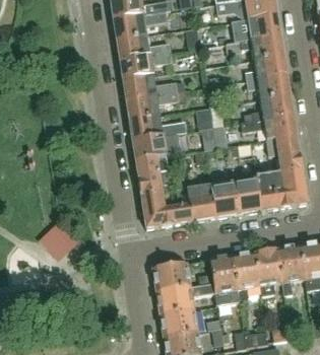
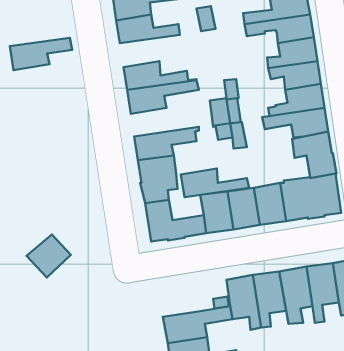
building: [120,52,173,79] -> [10,38,72,70]
building: [129,114,187,138] -> [181,169,249,197]
building: [152,263,190,291] -> none

